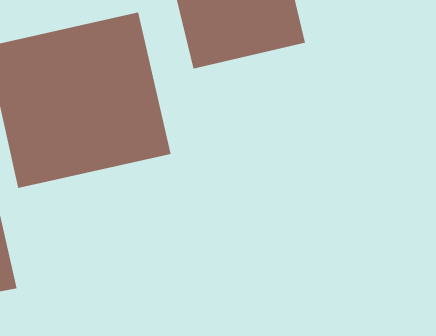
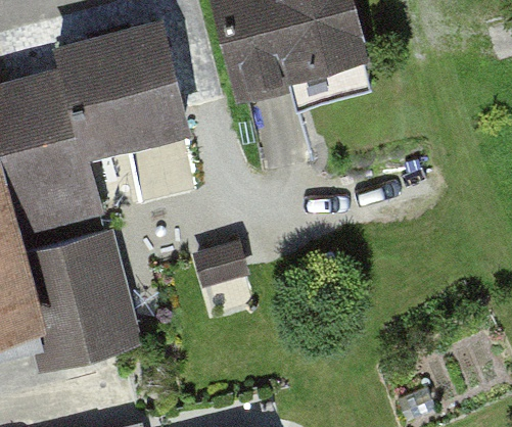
building: none -> [21,236,140,362]

